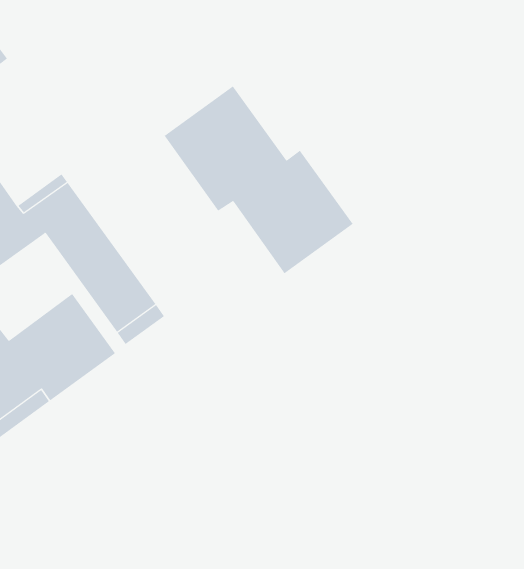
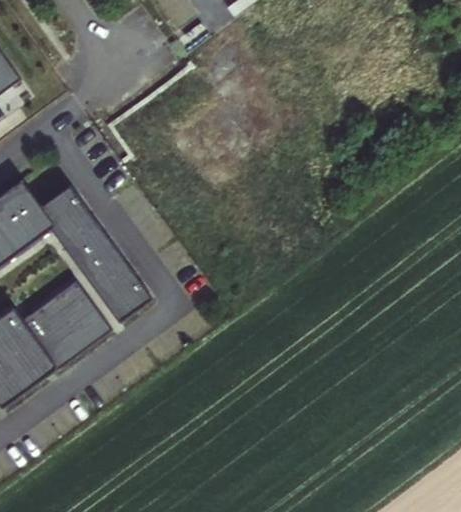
building: [164,85,353,274] -> none

